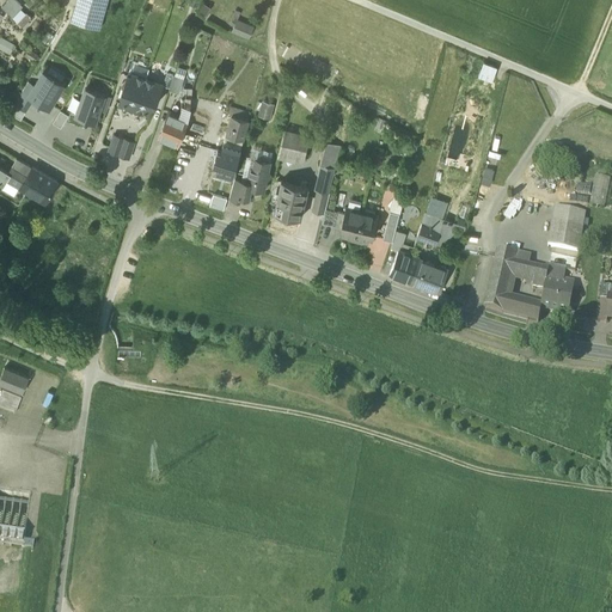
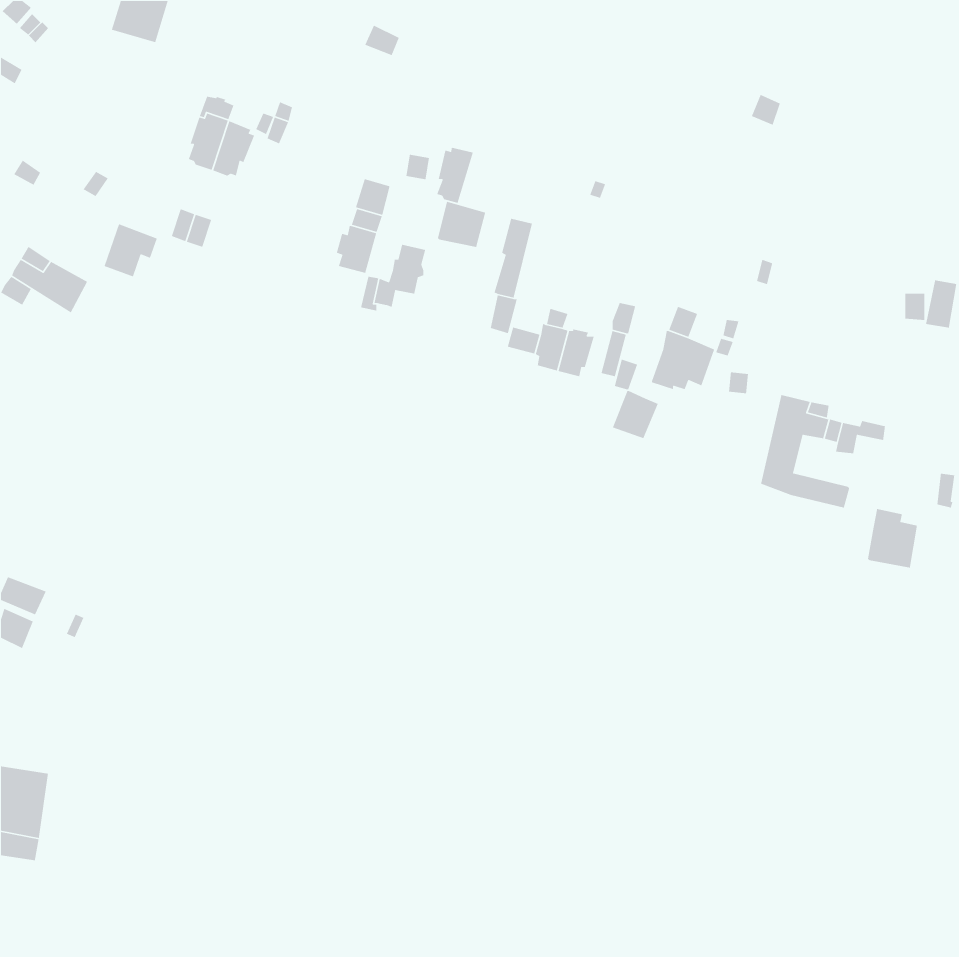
building: [22,72,63,106] -> none
building: [76,87,111,122] -> [104,223,158,278]
building: none -> [436,147,474,204]
building: [159,111,189,146] -> none
building: [274,180,308,218] -> none
building: [547,210,586,256] -> none
building: [410,258,448,292] -> none
building: [540,279,573,317] -> [867,508,918,568]

